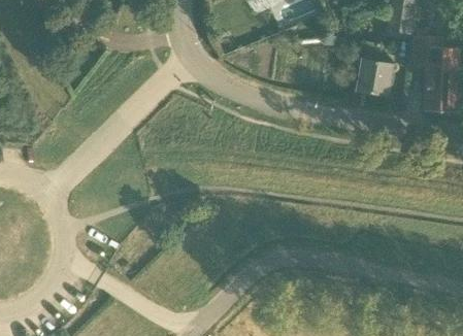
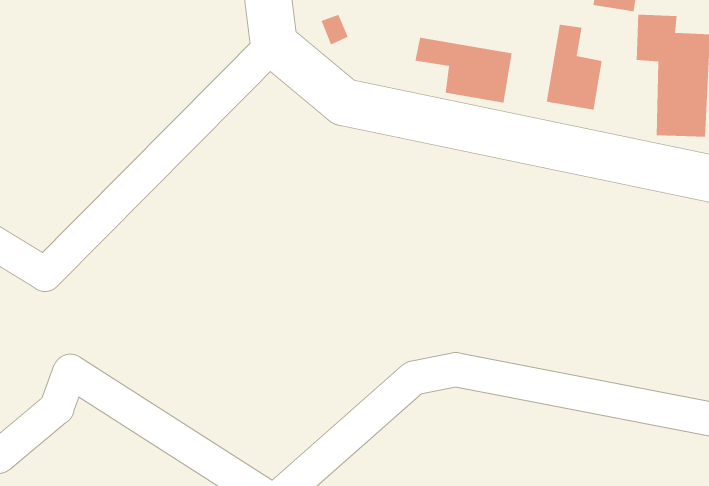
building: none -> [415,37,513,104]

